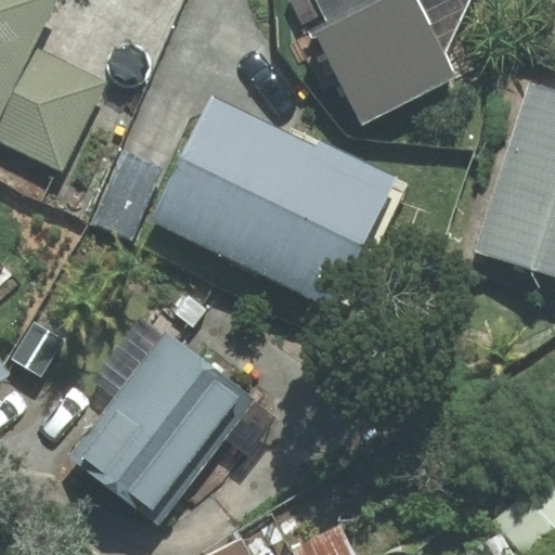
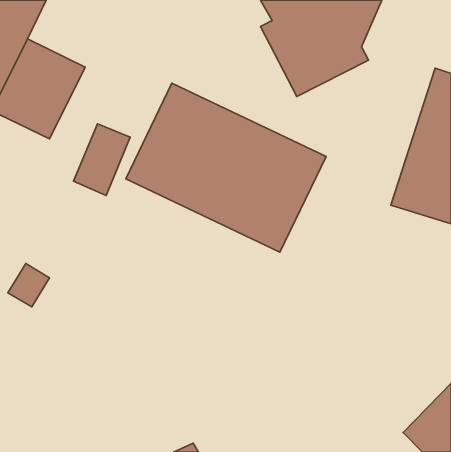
building: [70,322,253,522] -> none

